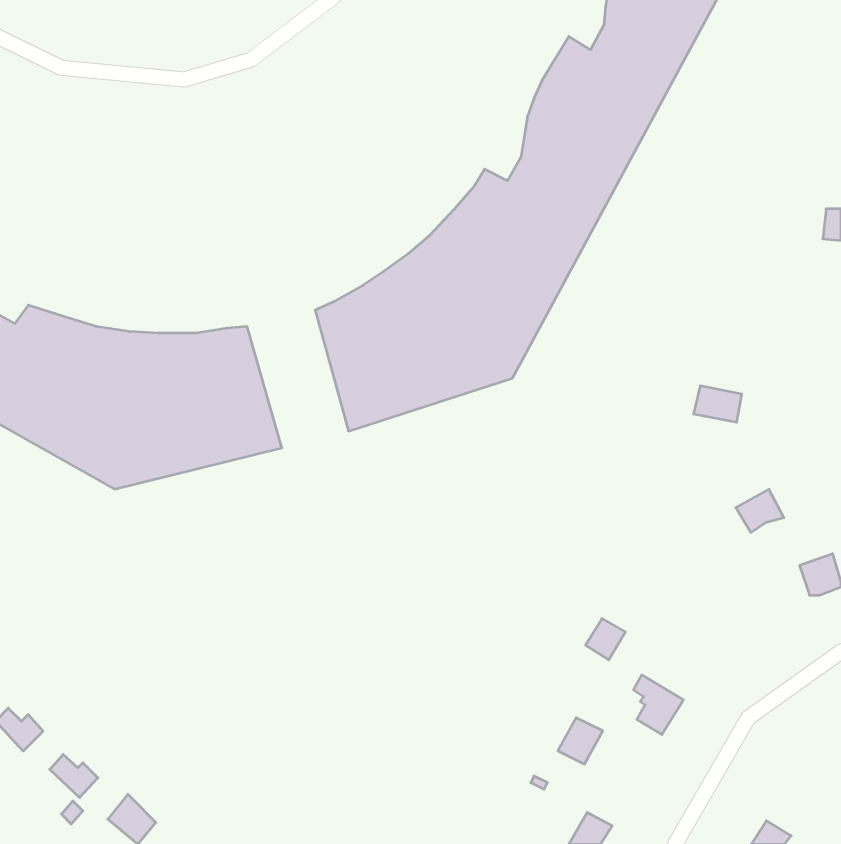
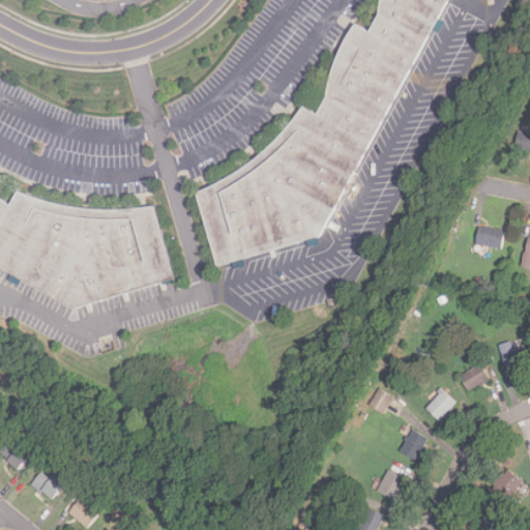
building: [694,386,742,422] -> [472,226,502,248]
building: [736,489,784,532] -> [458,363,488,390]
building: none -> [423,388,453,420]
building: [558,718,603,764] -> [375,470,403,499]
building: none -> [489,469,520,501]

